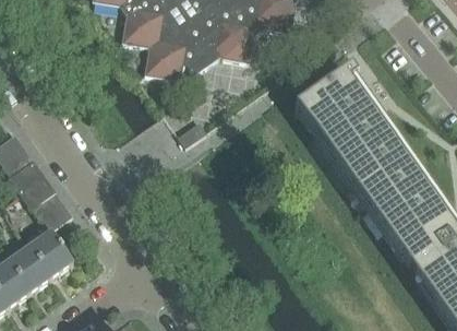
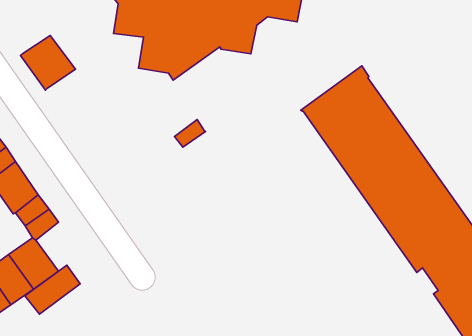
building: none -> [21,36,75,90]
building: none -> [25,265,80,314]

